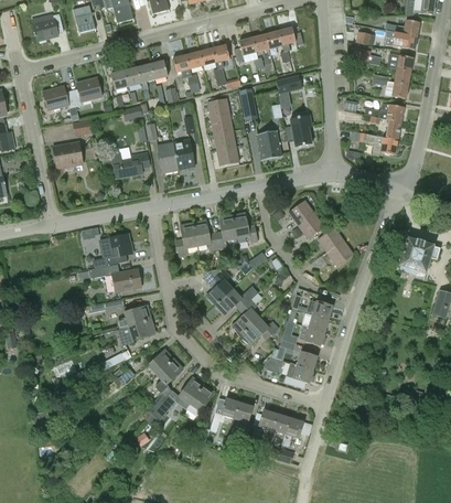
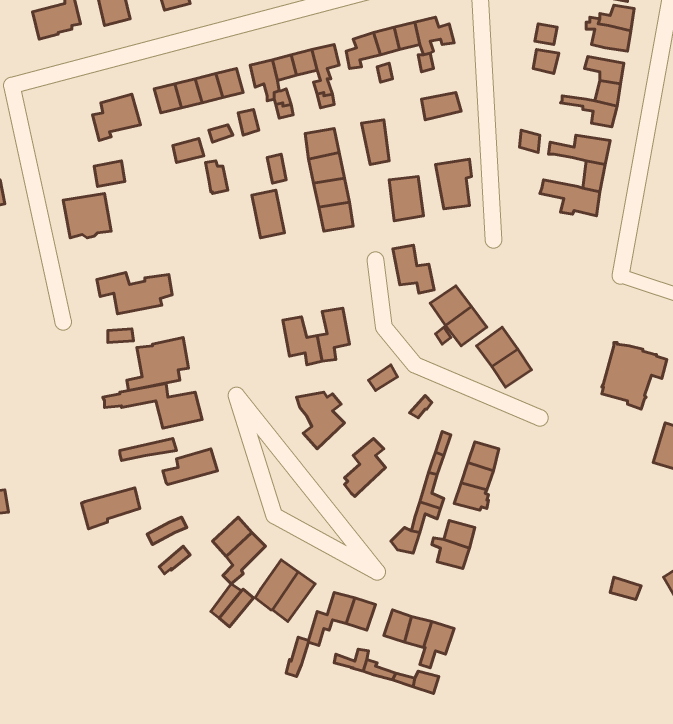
building: [43,86,75,110] -> none
building: [157,142,179,173] -> none
building: [100,152,149,179] -> [97,273,172,314]
building: [232,213,258,244] -> [393,245,434,293]
building: [175,223,197,257] -> none
building: [215,286,258,314] -> none
building: [239,318,279,344] -> none
building: [117,320,154,346] -> [82,488,140,529]

